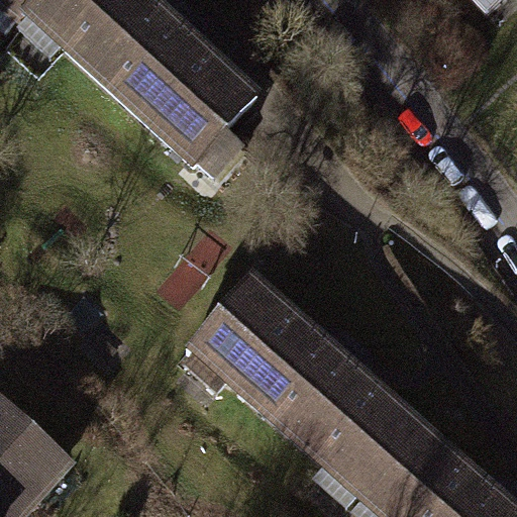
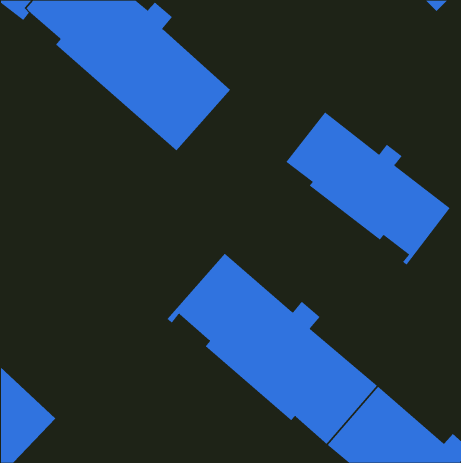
building: none -> [286,112,451,265]

